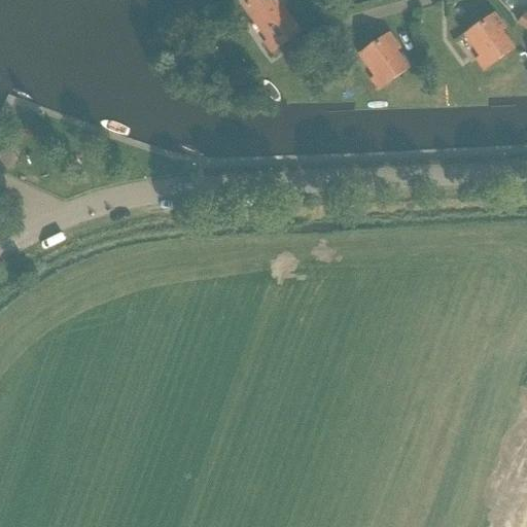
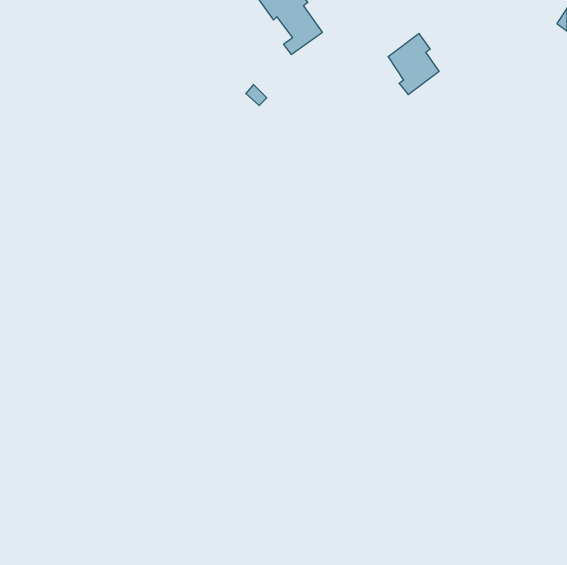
building: [464,11,513,68] -> none

